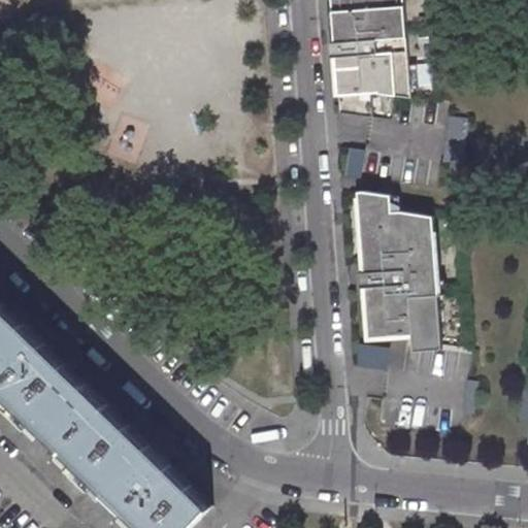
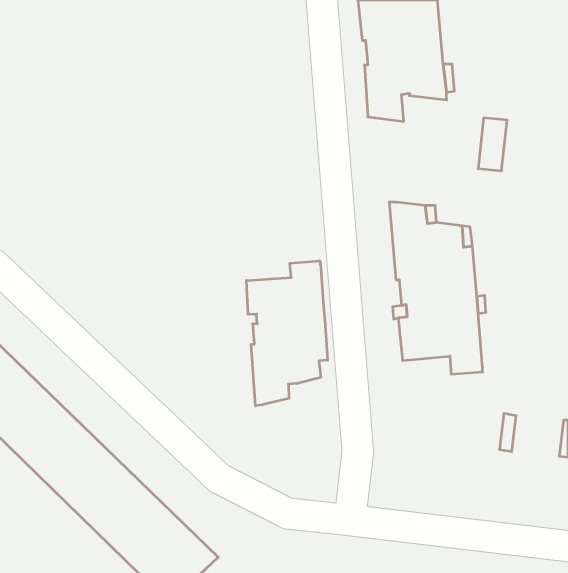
building: none -> [246,261,328,406]

